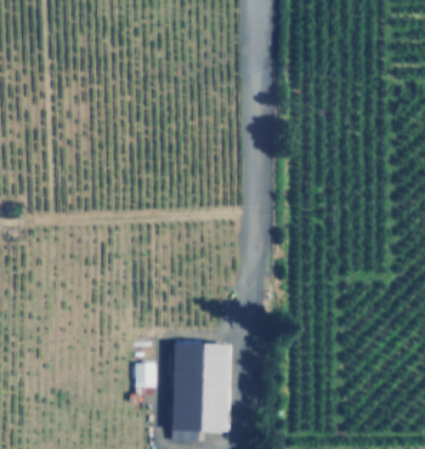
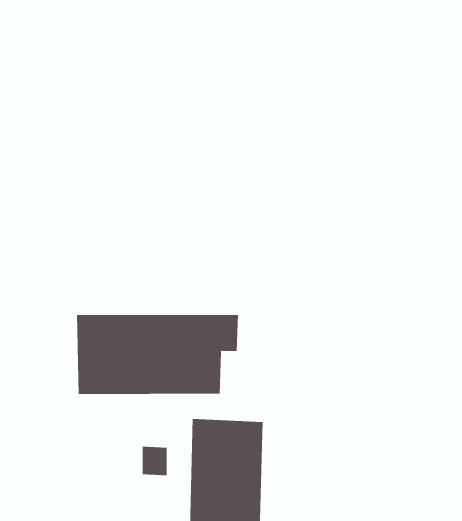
building: none -> [76,314,239,395]

